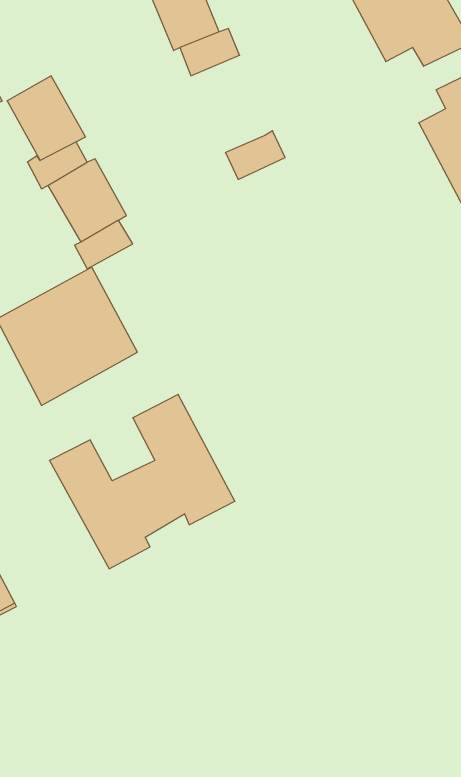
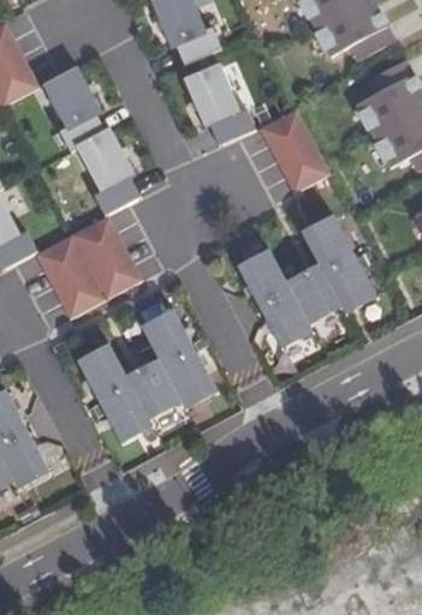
building: none -> [182,64,239,127]
building: none -> [261,108,331,191]
building: none -> [236,213,378,348]

